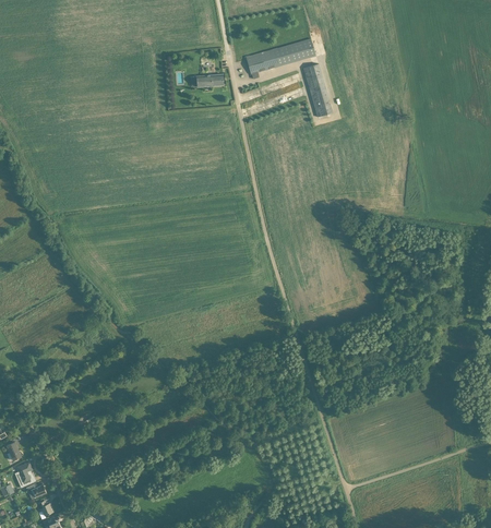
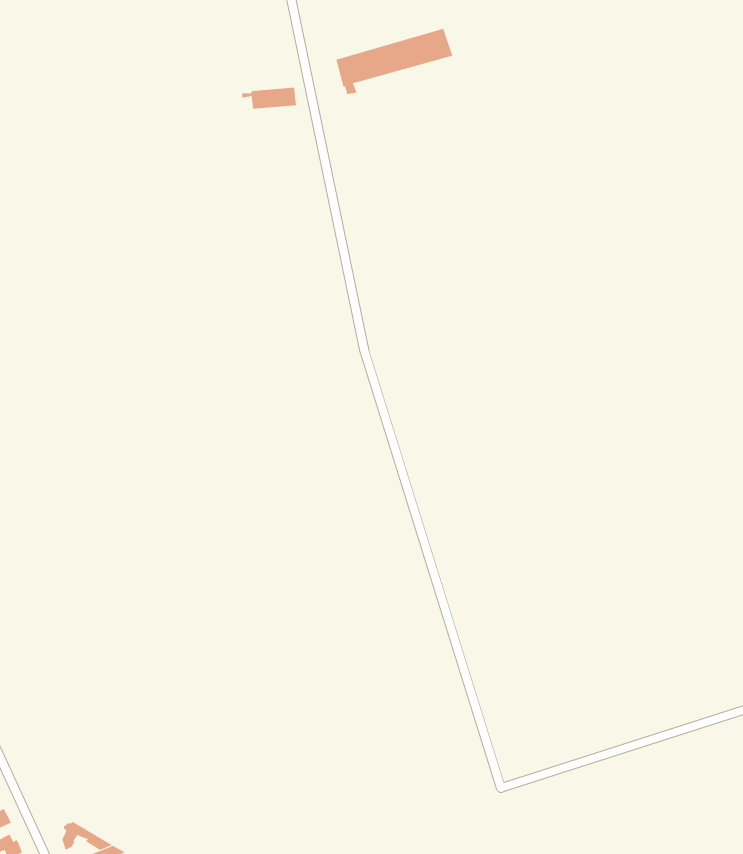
building: [302,62,332,116] -> none

